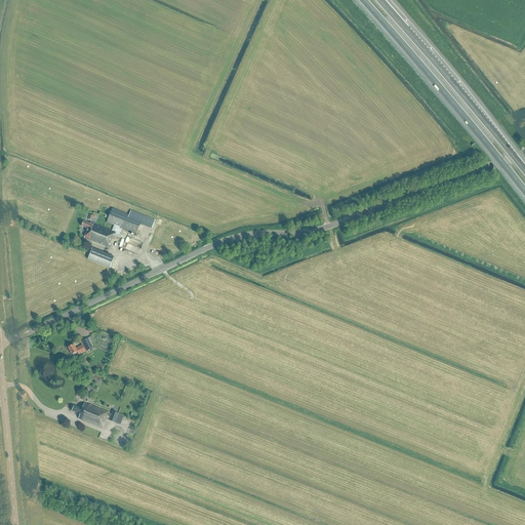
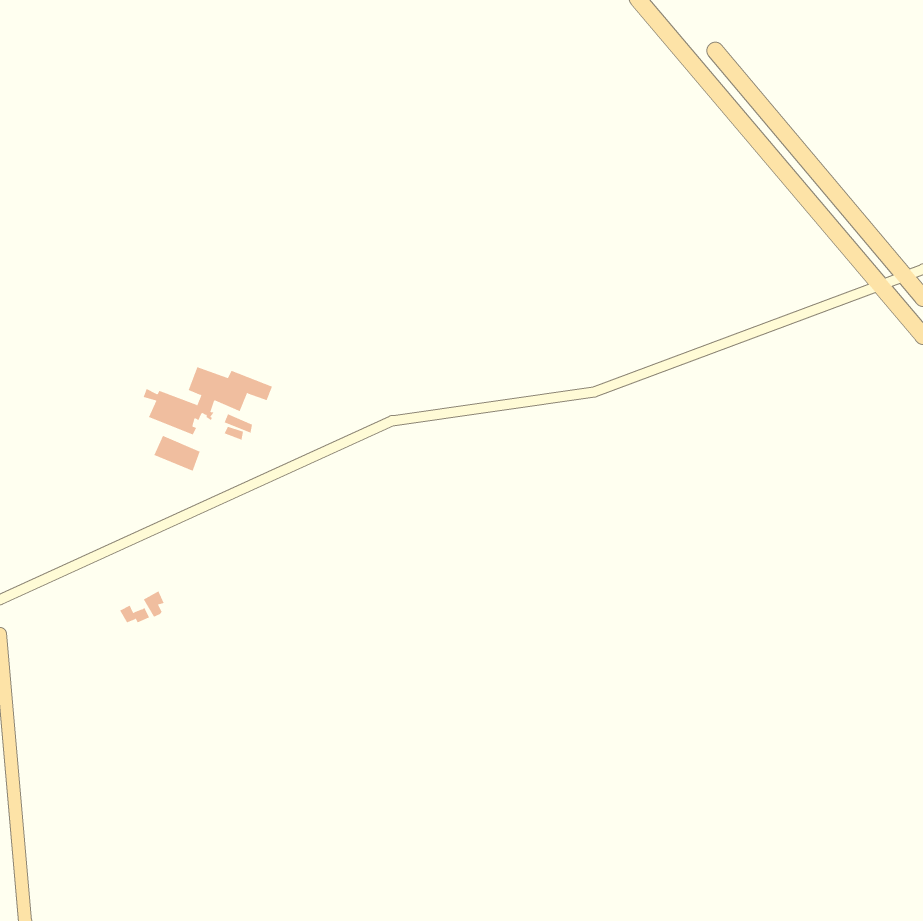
building: [72,402,119,428] -> none

